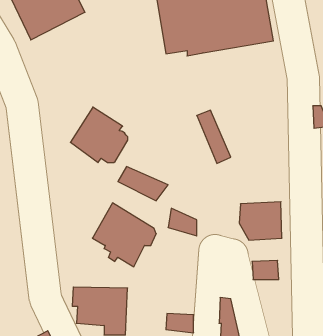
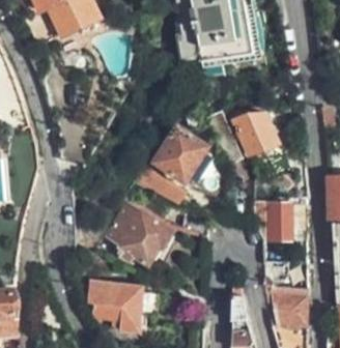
building: [70,107,128,163] -> [155,127,211,181]
building: none -> [235,114,279,154]
building: none -> [264,286,309,326]

